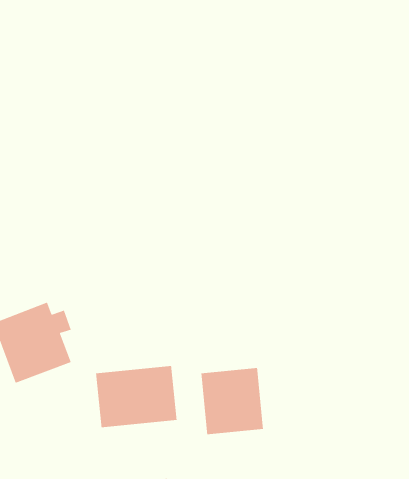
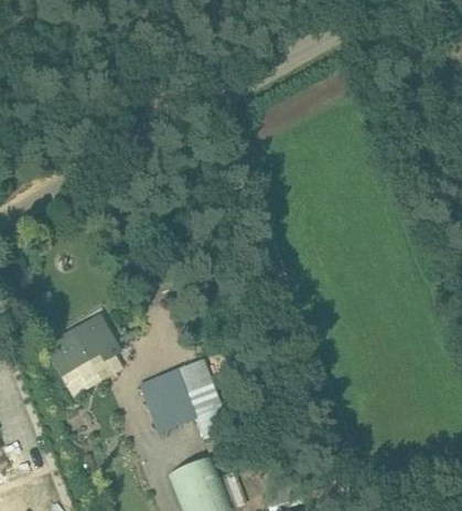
building: [200,367,264,435] -> none

